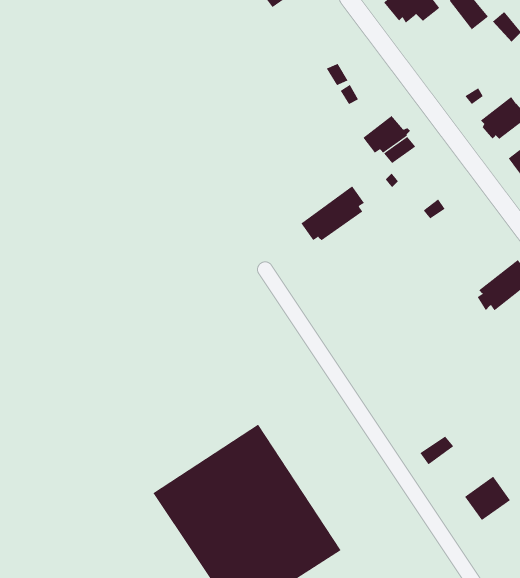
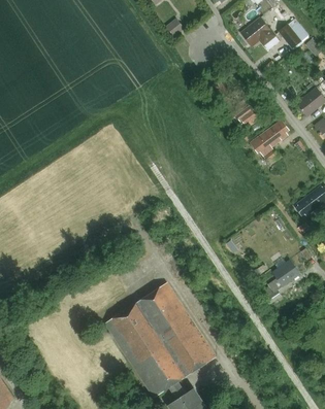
building: [301,185,365,241] -> [251,120,289,152]
building: [464,476,511,521] -> [272,259,300,285]

